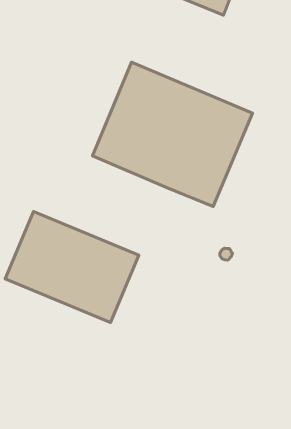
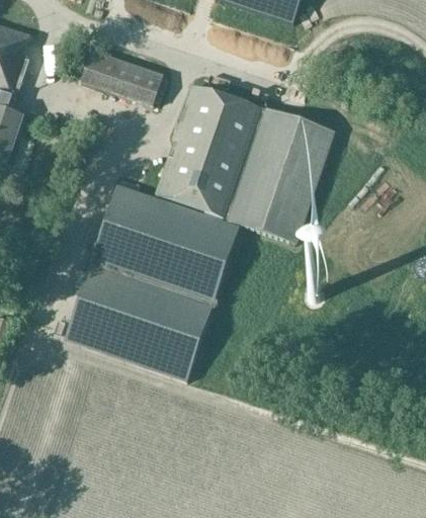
building: none -> [80,50,163,105]
building: none -> [91,181,241,301]

